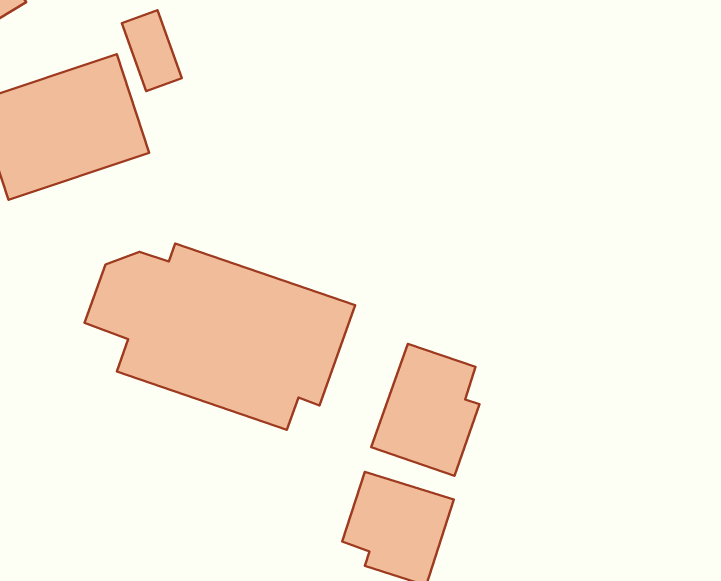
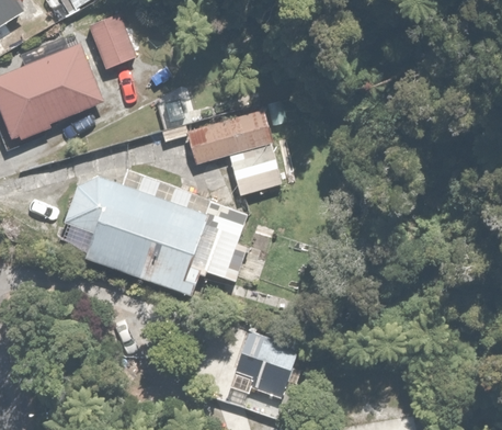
building: none -> [186,111,284,200]
building: [371,344,479,476] -> none

